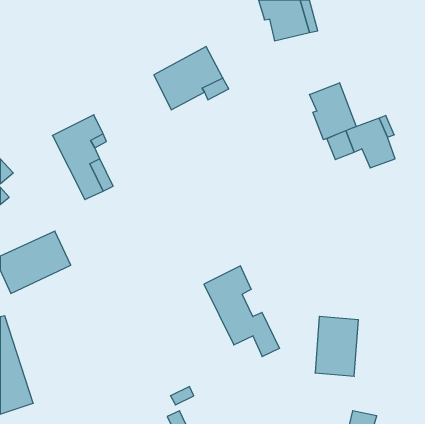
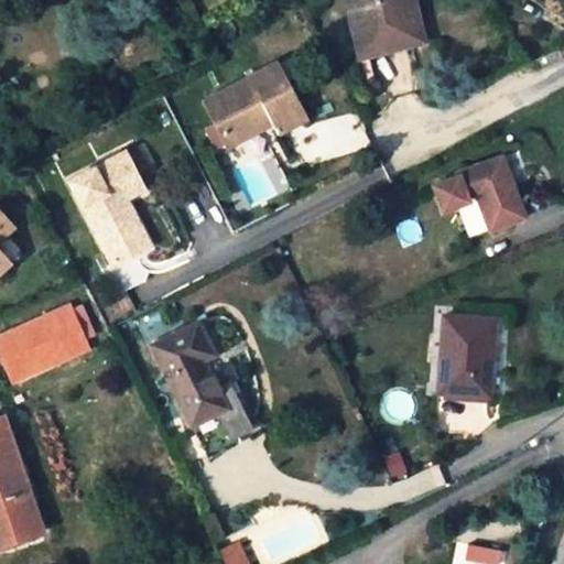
building: [310,83,356,140] -> none
building: [204,266,280,357] -> [152,319,252,440]
building: [315,316,358,376] -> [438,314,496,393]

